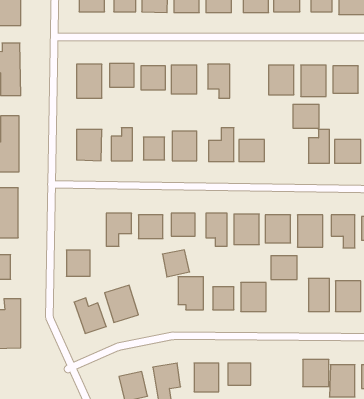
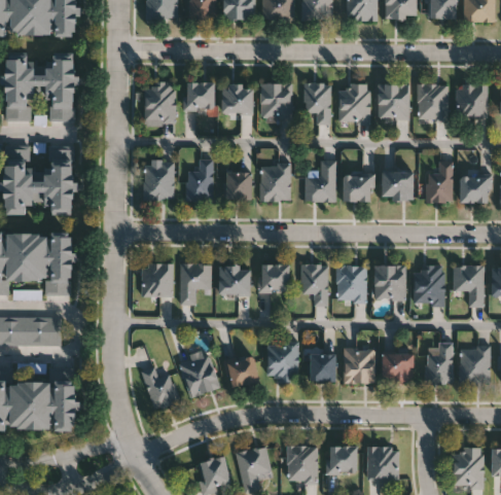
building: none -> [338,85,369,123]
building: [293,104,319,128] -> [381,171,413,200]
building: [162,250,190,277] -> [225,355,258,388]
building: [66,250,90,276] -> [143,264,172,296]
building: [271,256,297,279] -> [381,353,413,382]
building: [303,360,329,387] -> [366,447,398,480]

